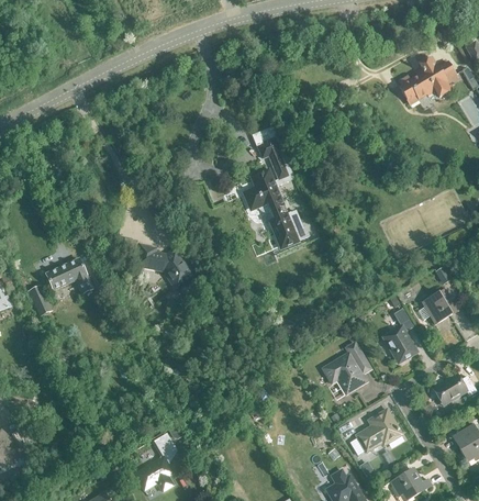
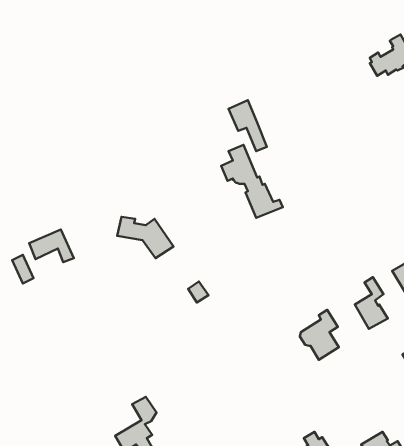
building: [356,409,402,453] -> none

